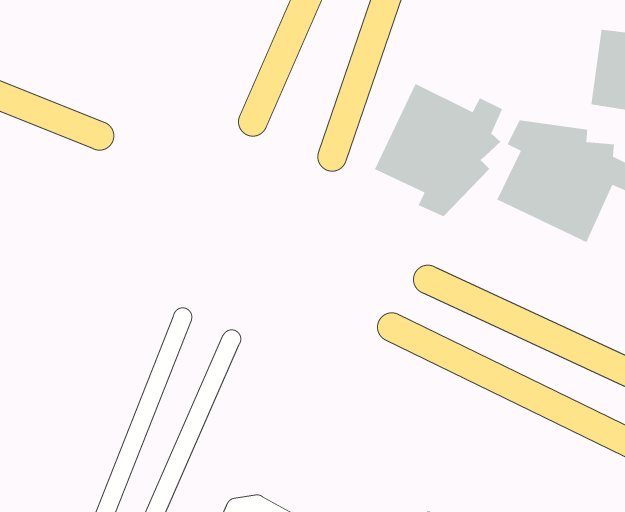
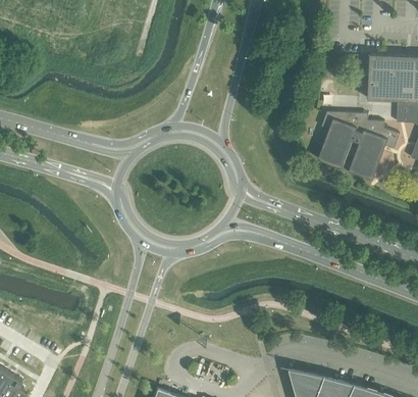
building: [374,83,503,217] -> none

